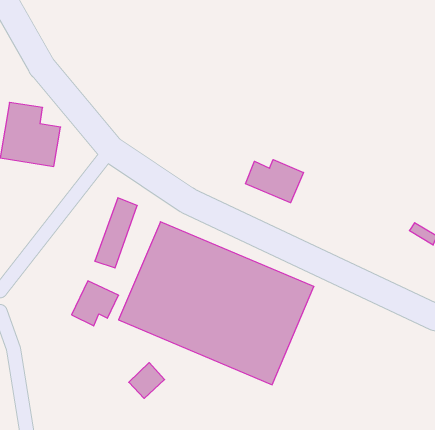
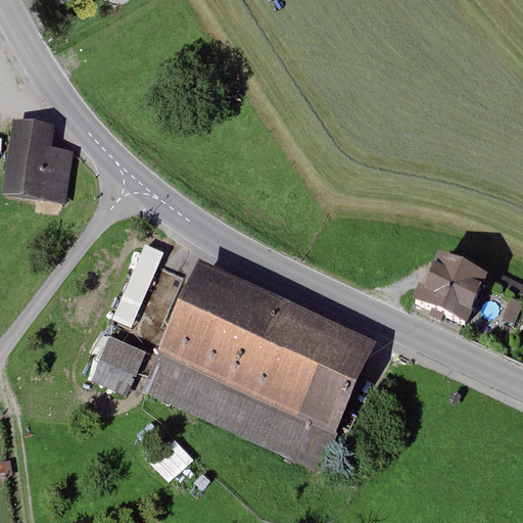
building: [246,160,303,203] -> none
building: none -> [401,252,482,324]

